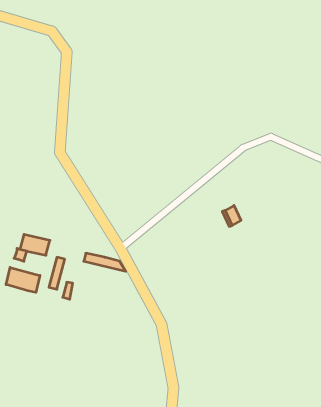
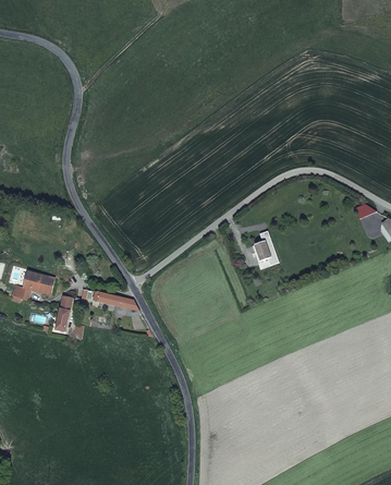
building: [6,267,40,292] -> none

